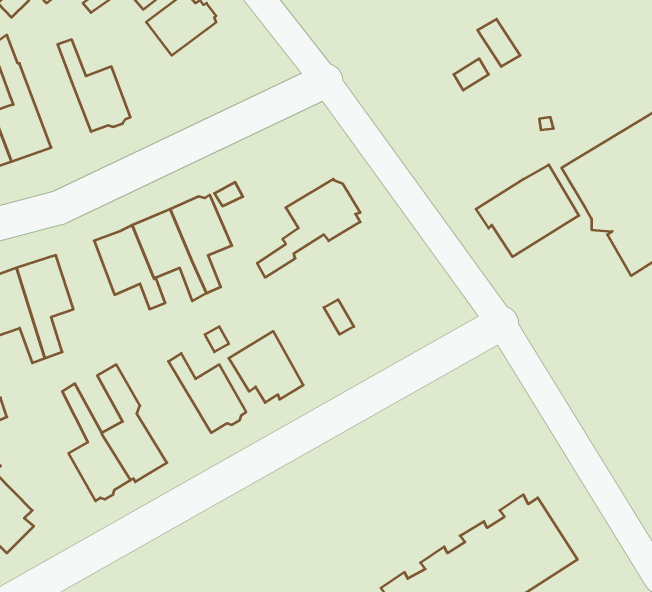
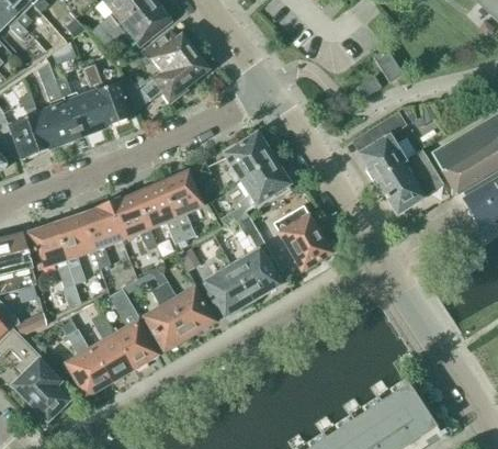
building: none -> [131,50,207,110]
building: none -> [56,75,105,137]
building: none -> [359,110,407,180]
building: none -> [223,133,273,181]
building: none -> [270,189,330,269]
building: none -> [81,202,122,268]
building: none -> [231,226,276,302]
building: none -> [145,285,189,349]
building: none -> [66,327,109,396]

